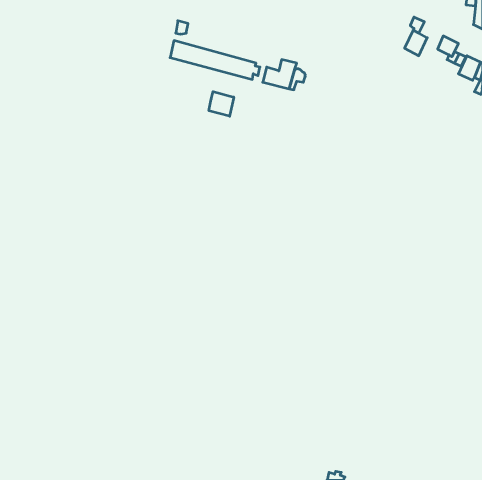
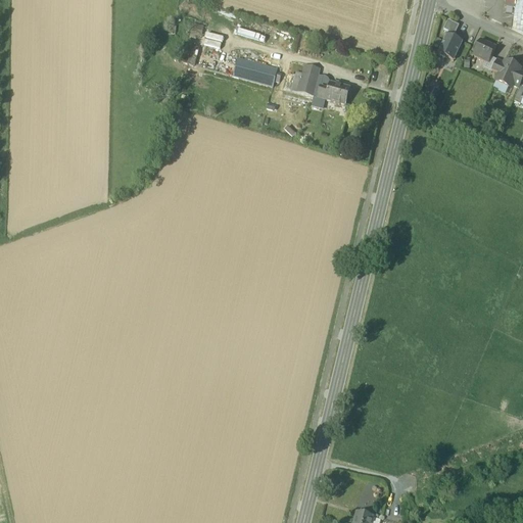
building: none -> [319,83,352,105]
building: [209,92,234,116] -> none

